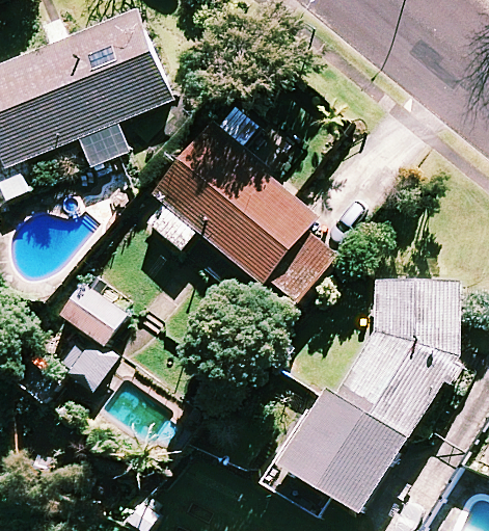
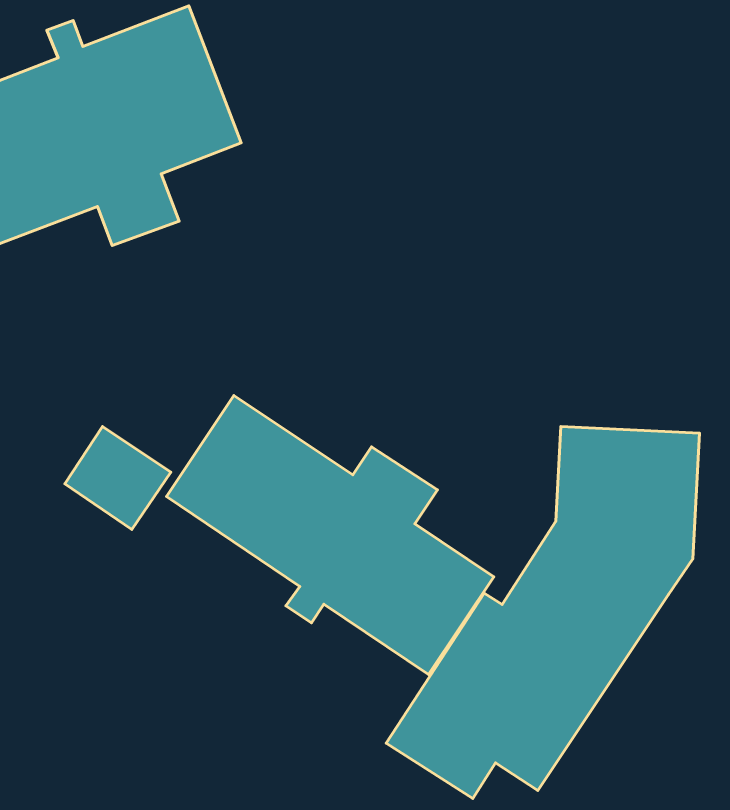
building: [154,125,337,297] -> none
building: none -> [167,396,494,674]

